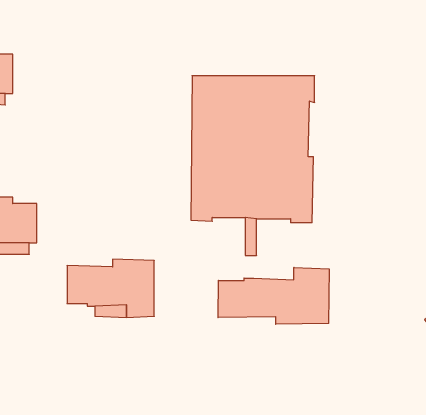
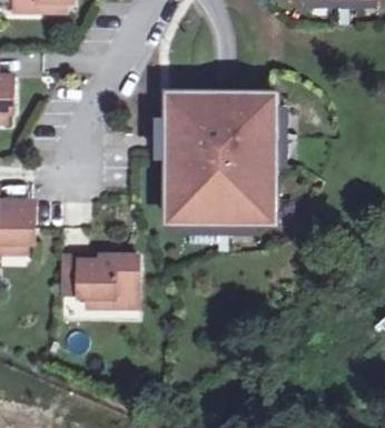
building: [218,267,329,324] -> none

